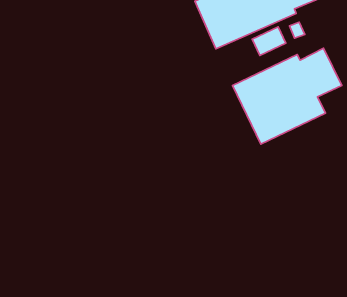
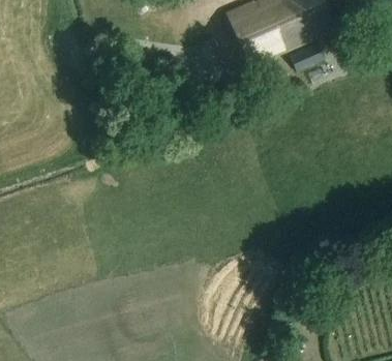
building: [232,48,342,144] -> none

